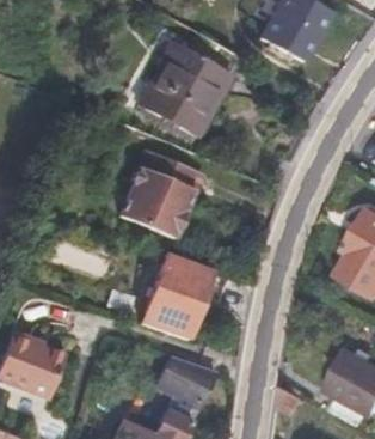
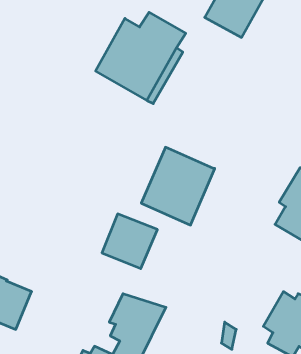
building: [117,151,201,239] -> [141,147,215,225]

